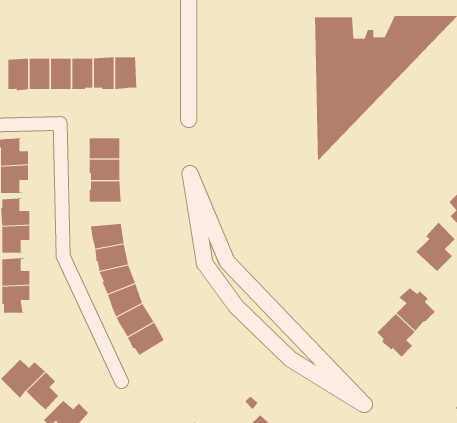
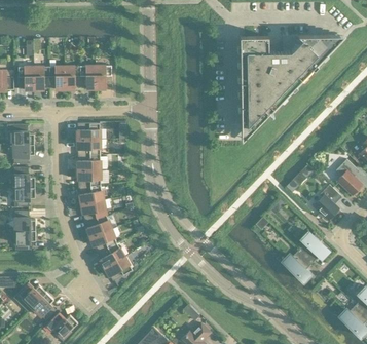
building: none -> [77,169,101,187]

